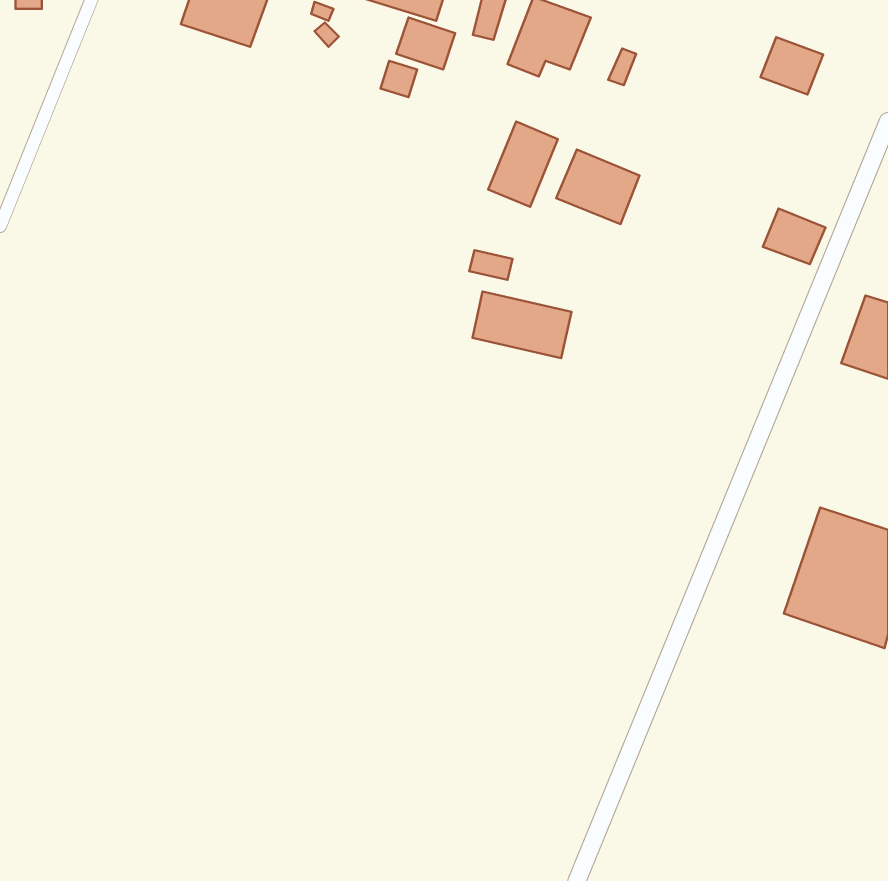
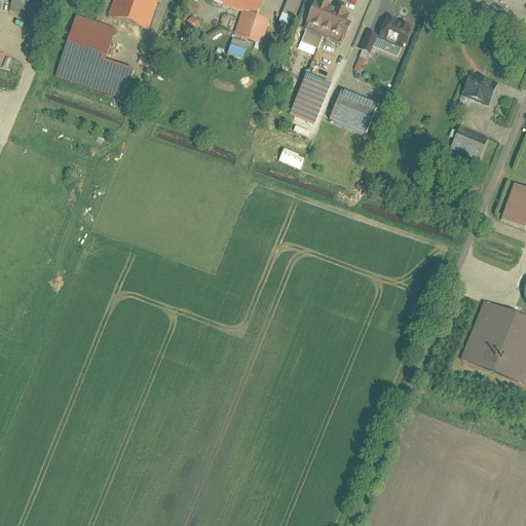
building: none -> [54,12,134,97]
building: none -> [378,16,410,45]
building: [761,37,823,95] -> [461,70,498,104]
building: [472,292,571,358] -> none

